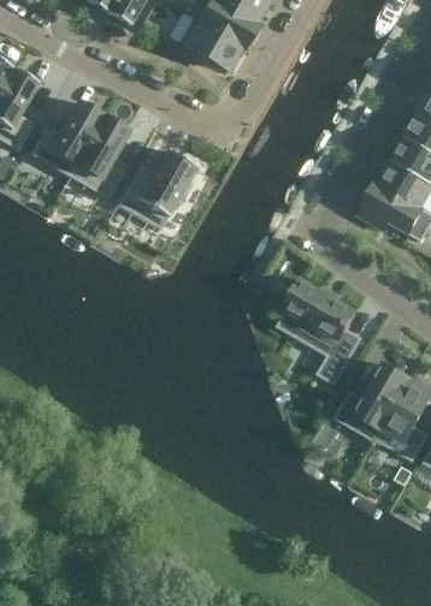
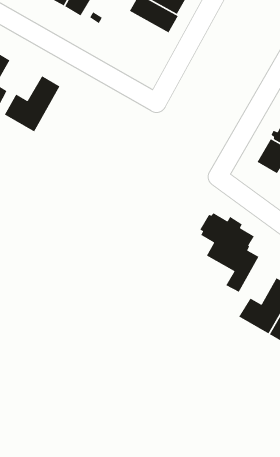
building: [178,18,243,70] -> none
building: [69,115,128,198] -> none
building: [117,149,196,228] -> none

